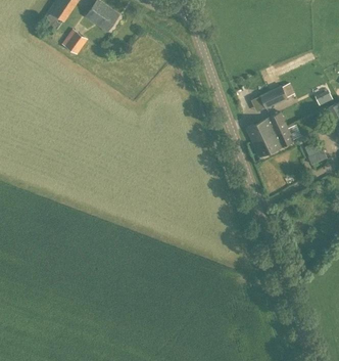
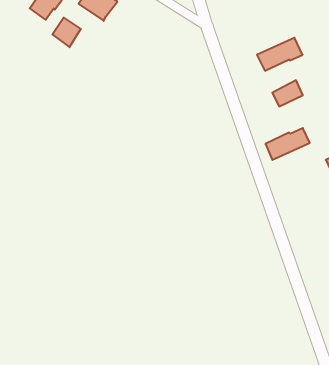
building: [245,114,286,143] -> [257,38,303,71]

